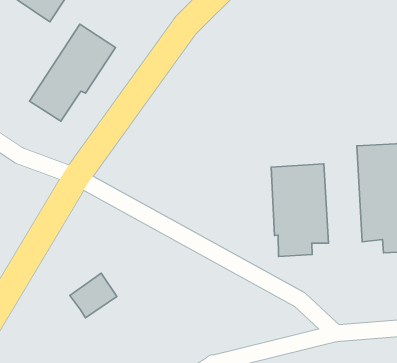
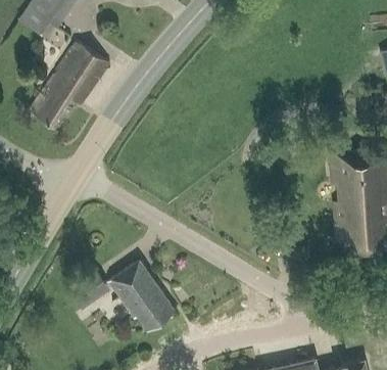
building: [271,164,328,256] -> none
building: none -> [108,261,172,329]

